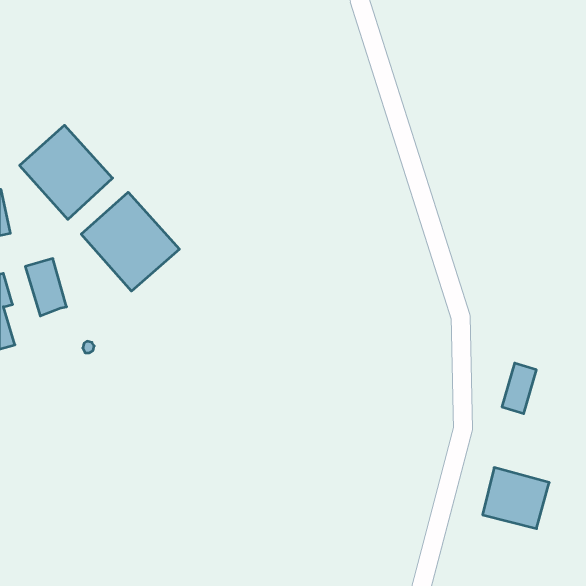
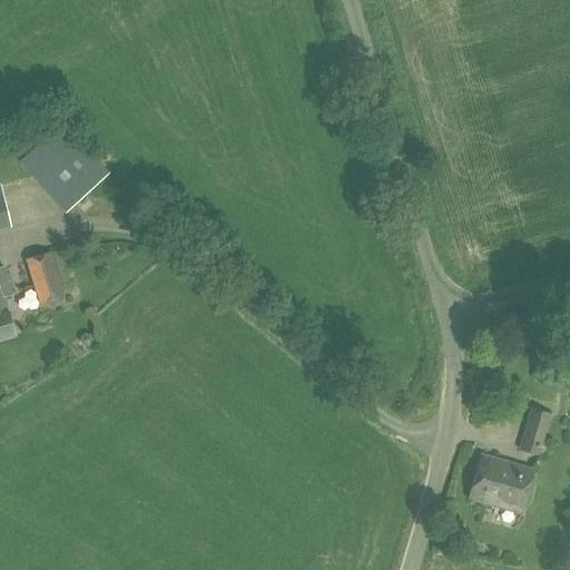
building: [81,192,179,291] -> none
building: [502,363,536,414] -> [518,406,551,455]

